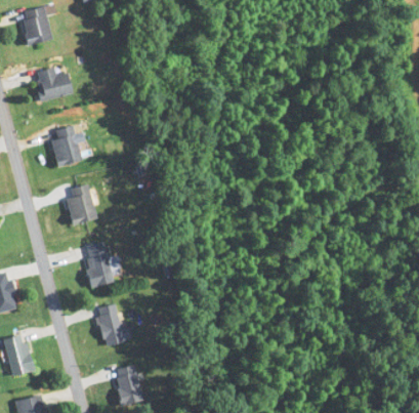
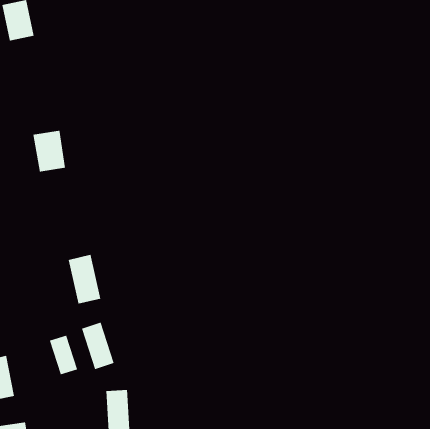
building: [34,67,73,100] -> none
building: [65,183,95,224] -> none
building: none -> [49,335,78,375]

